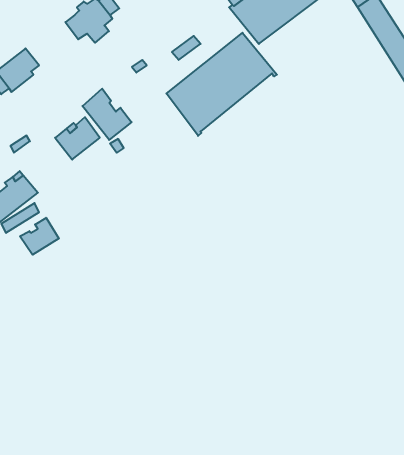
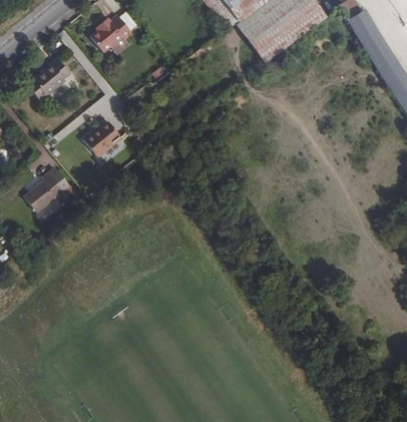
building: [166,33,277,136] -> none
building: [82,89,132,140] -> none
building: [20,218,59,255] -> none

